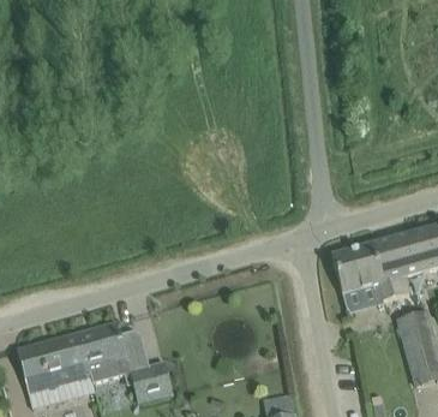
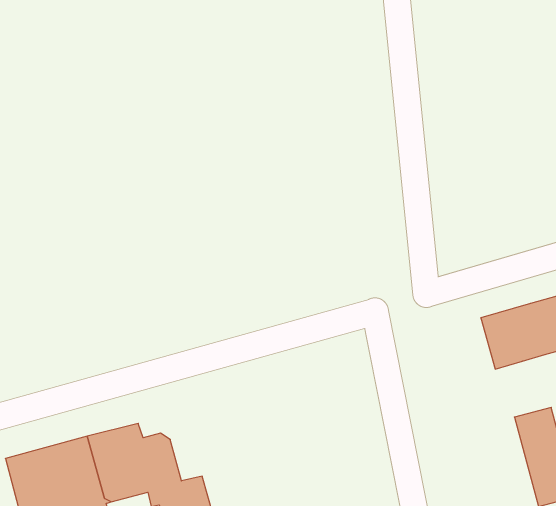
building: [330,243,408,309] -> none

